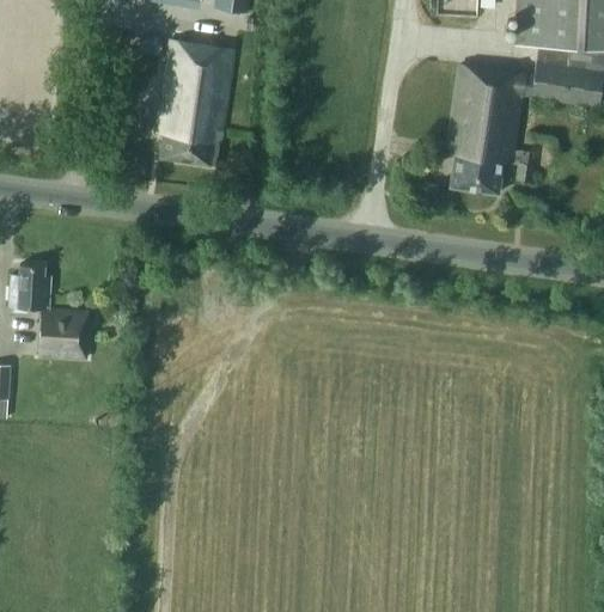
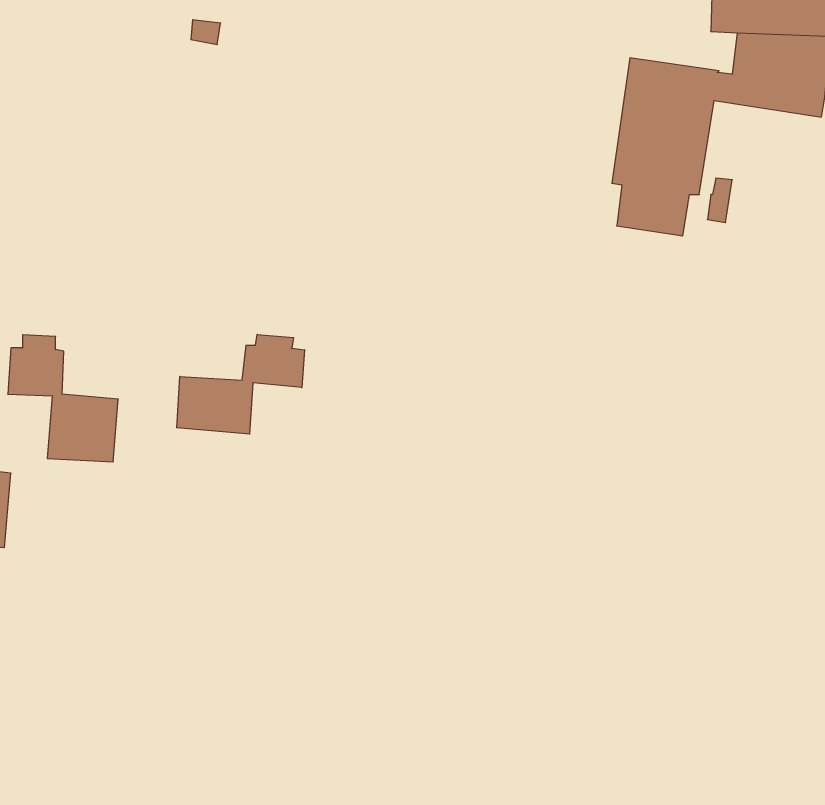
building: [157,39,234,165] -> none
building: none -> [177,334,304,434]

